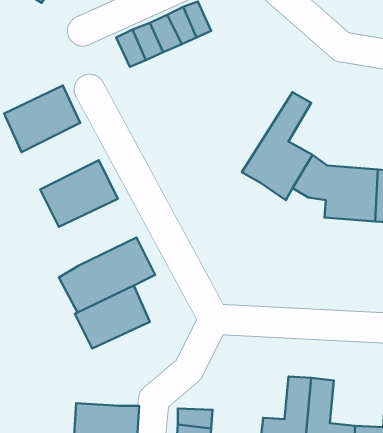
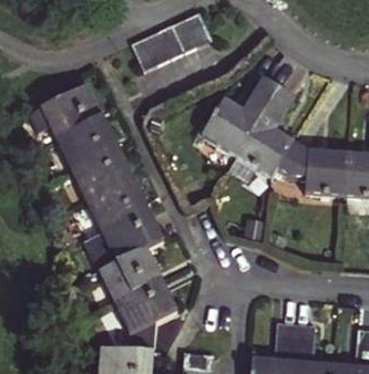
building: none -> [203,79,278,155]
building: none -> [53,114,117,169]
building: none -> [84,177,148,232]
building: none -> [112,279,175,349]

